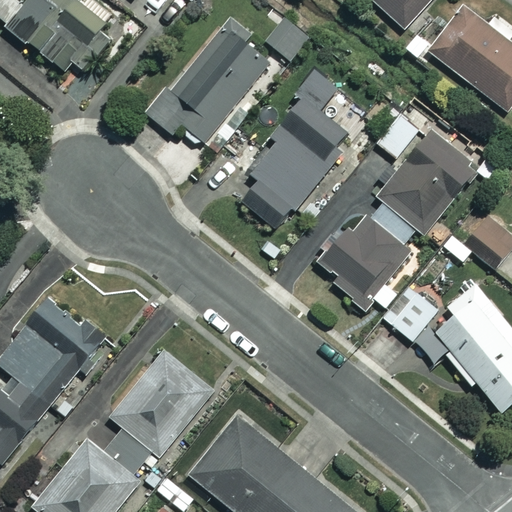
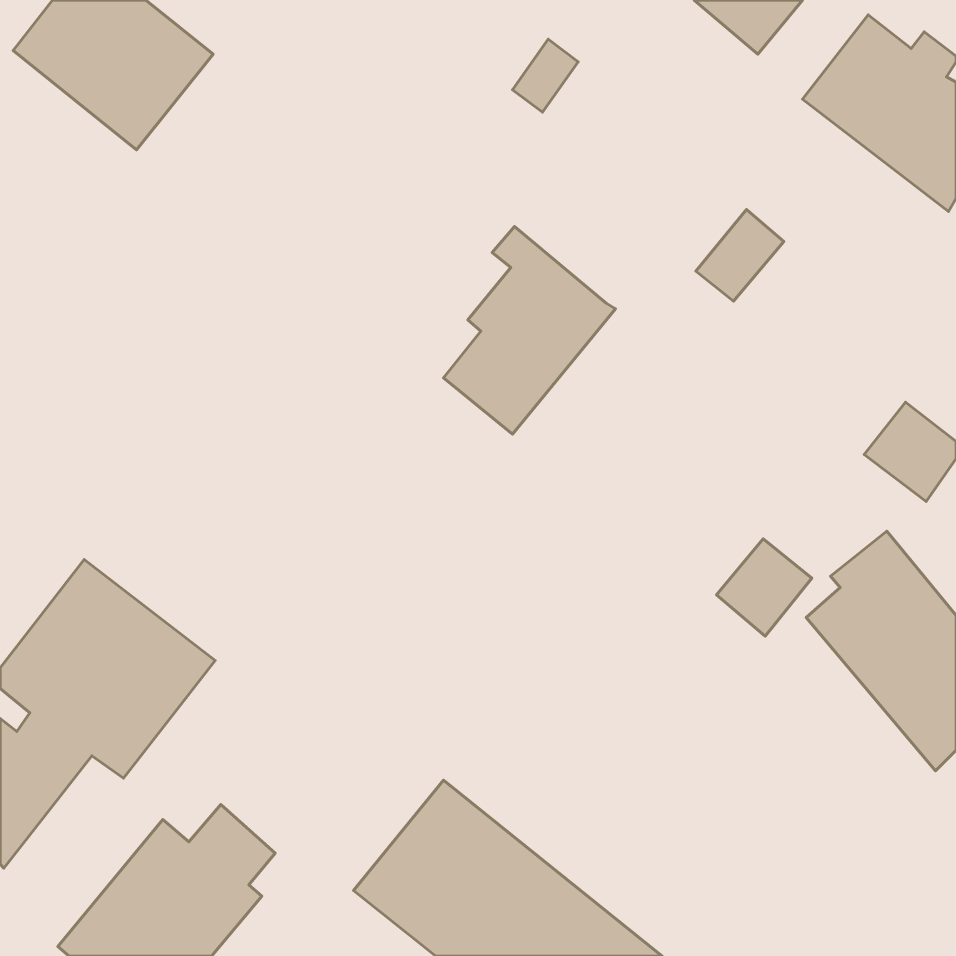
building: [146,25,269,143] -> none
building: [275,71,349,162] -> none
building: [323,133,473,299] -> none
building: [108,350,211,457] -> none

